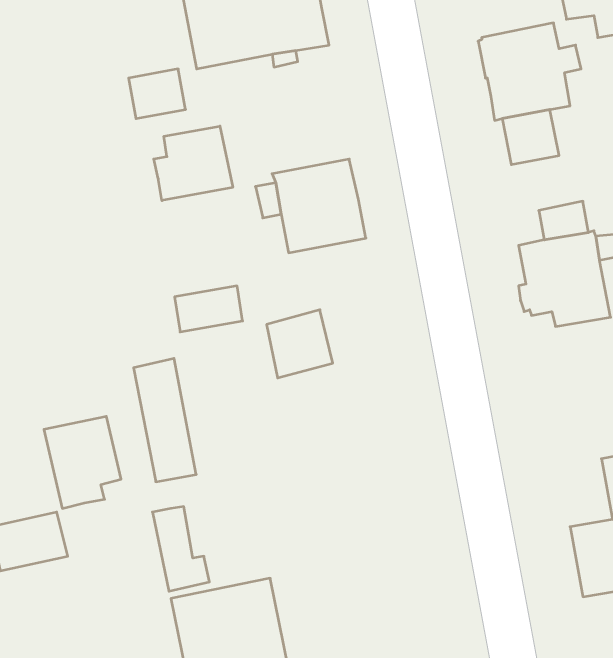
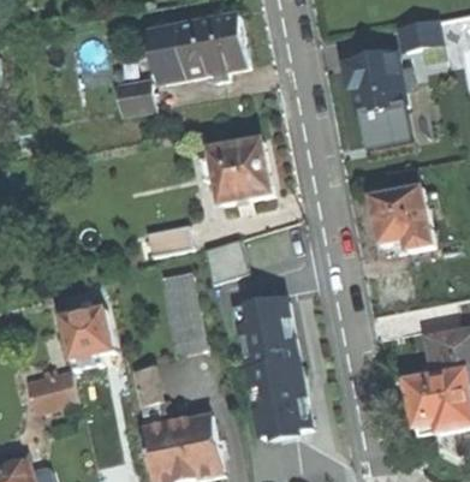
building: [154,126,233,201] -> none
building: [134,358,196,482] -> [162,273,203,353]
building: none -> [237,299,311,439]

